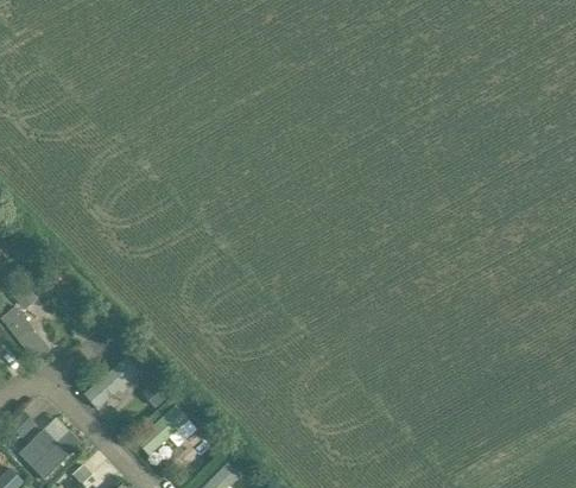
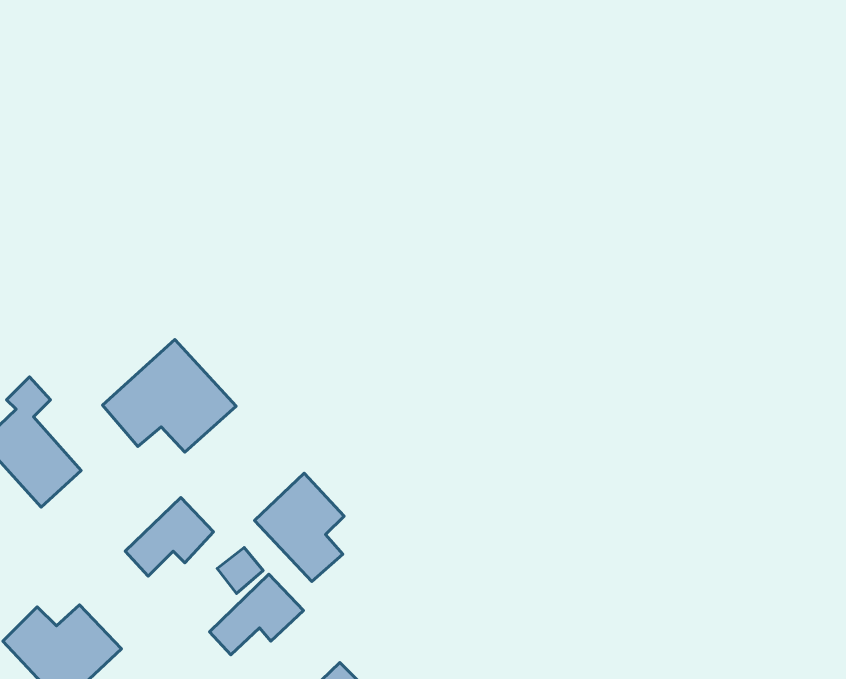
building: none -> [103,339,236,452]
building: none -> [254,473,344,581]

